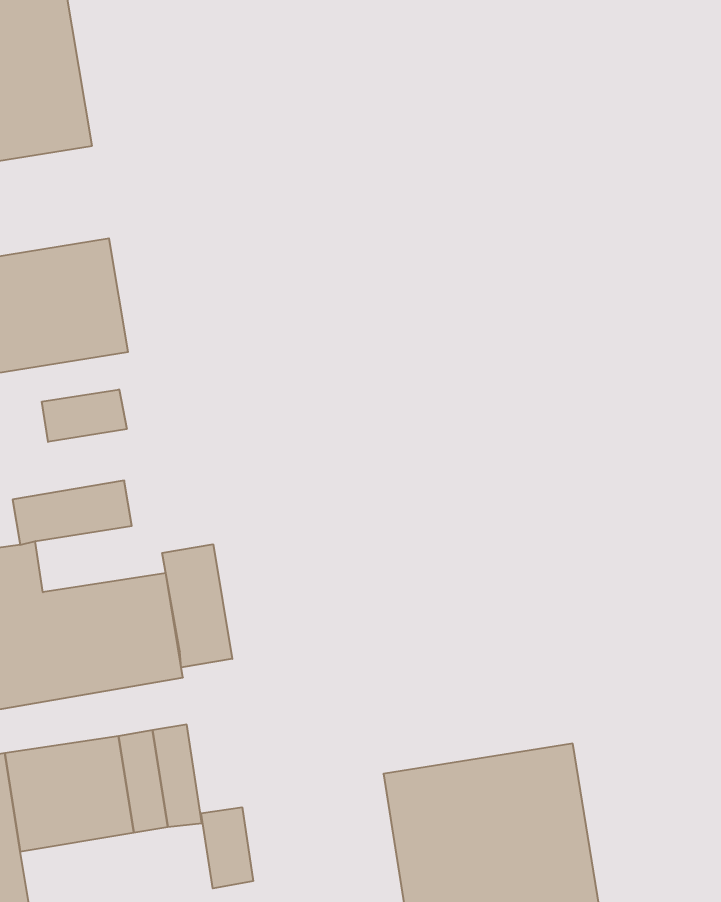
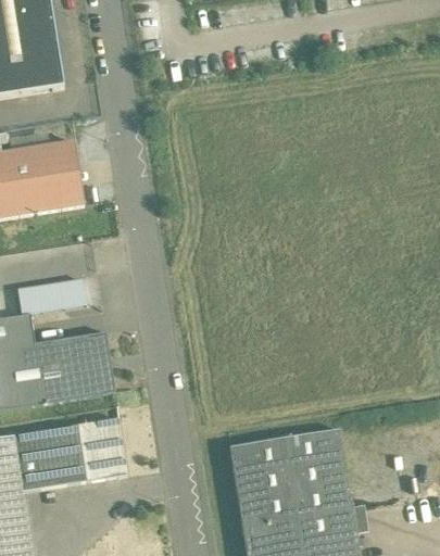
building: [42,389,127,442] -> none
building: [162,544,232,668] -> none
building: [201,807,253,888] -> none

